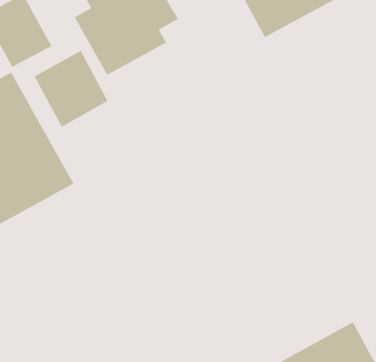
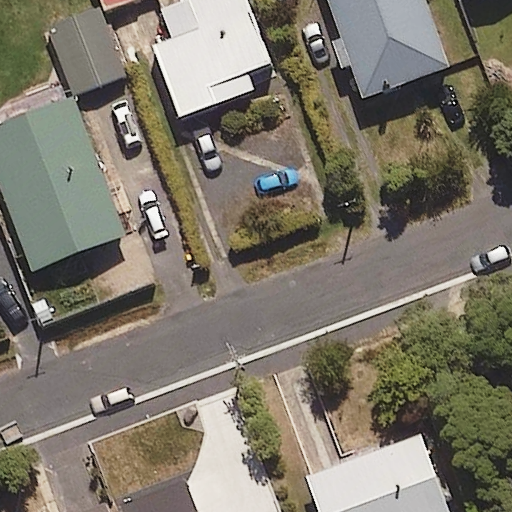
building: [33,50,109,128] -> none

